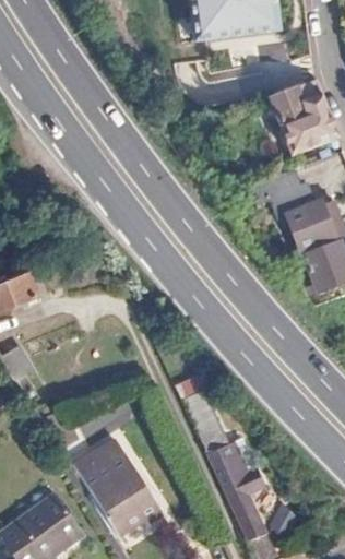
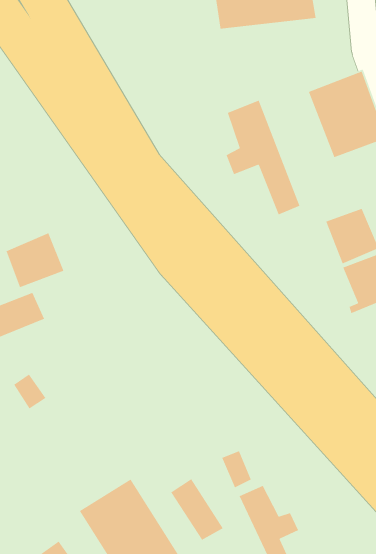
building: none -> [226,100,300,216]
building: none -> [6,232,65,288]
building: none -> [170,478,224,541]

